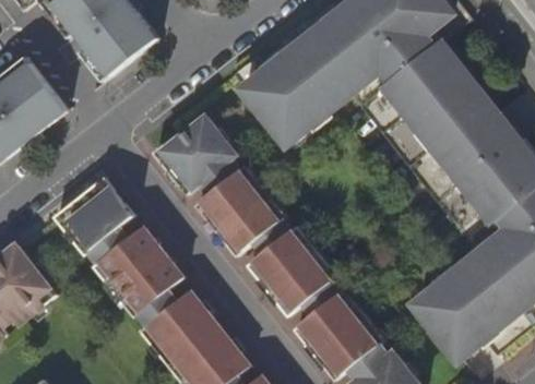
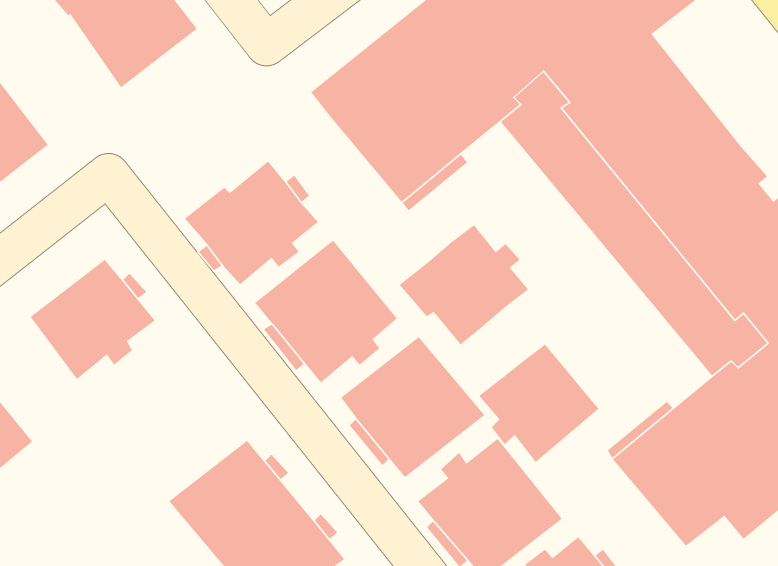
building: none -> [398,224,529,346]
building: [92,228,182,316] -> none
building: none -> [478,343,600,463]

